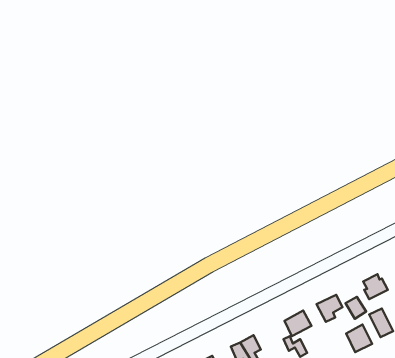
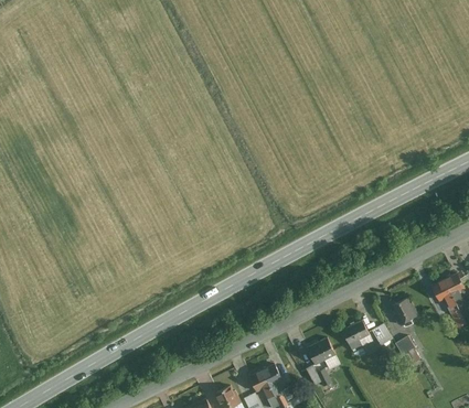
building: [346,324,372,352] -> none

